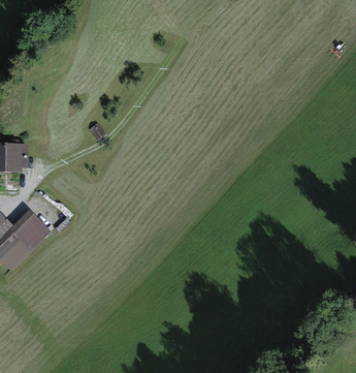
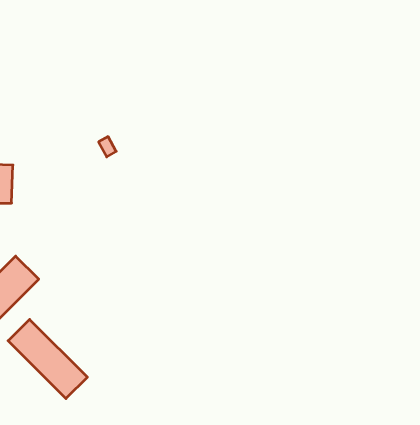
building: none -> [8,319,87,399]

